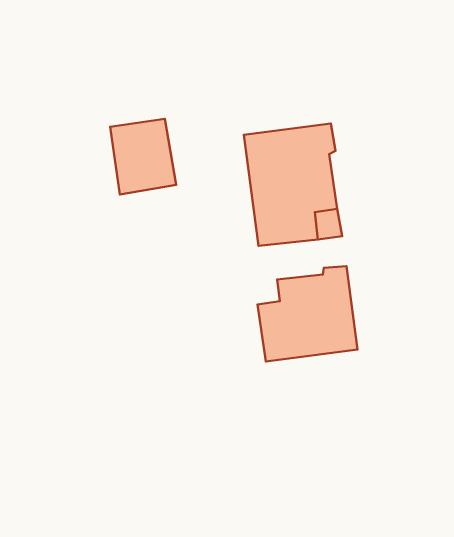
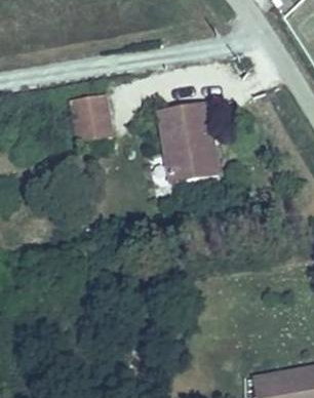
building: [257,266,357,361] -> none

